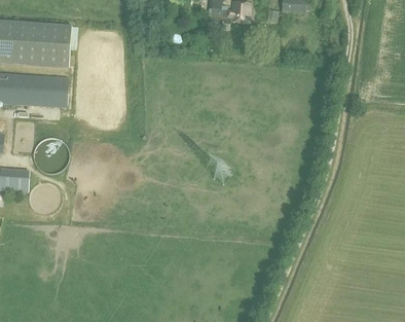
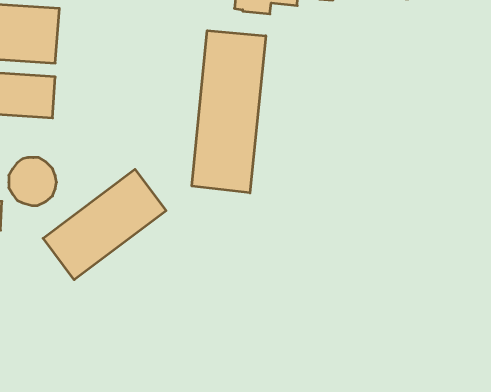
building: none -> [192,31,266,193]
building: none -> [43,169,166,280]

